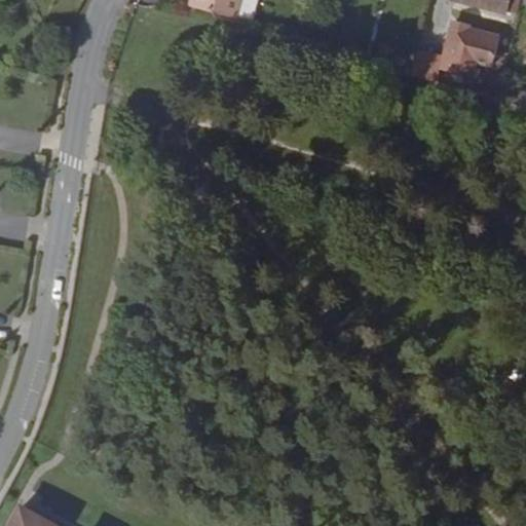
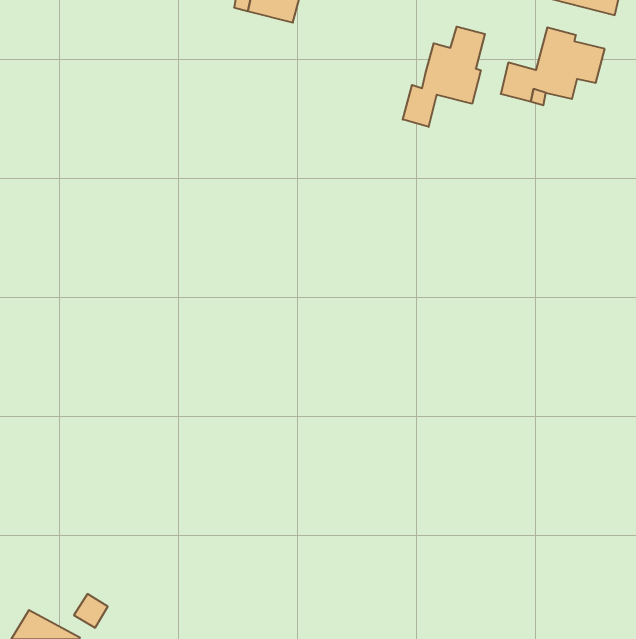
building: none -> [403,27,485,127]

